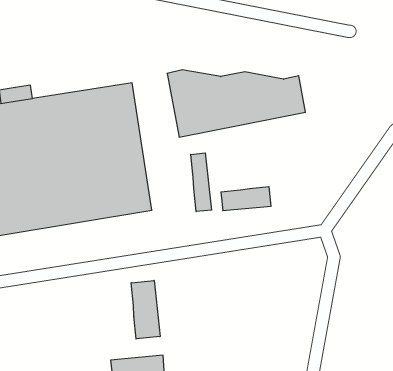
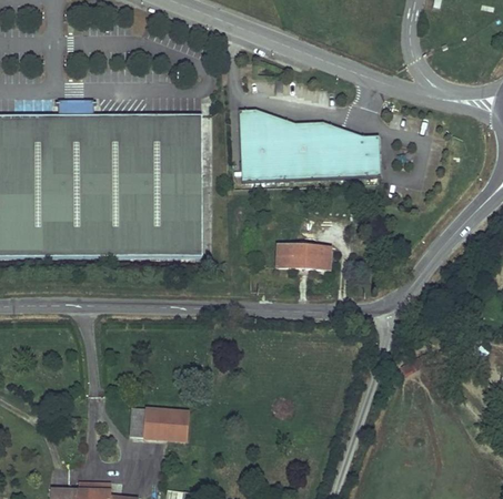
building: [191,153,212,212] -> none
building: [131,280,160,339] -> none

